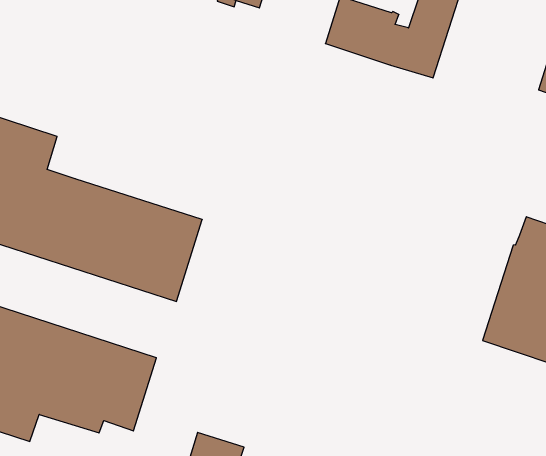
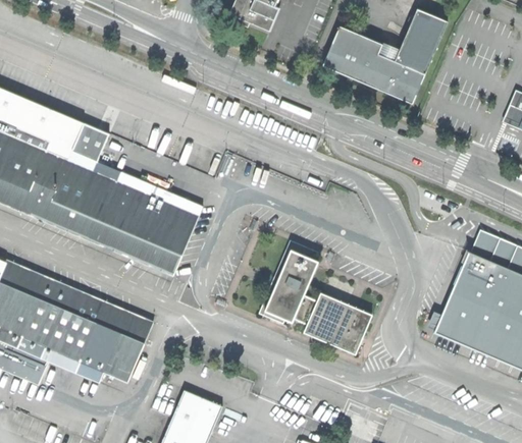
building: none -> [73,124,108,162]
building: none -> [263,240,373,352]

